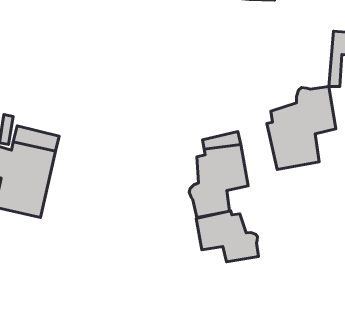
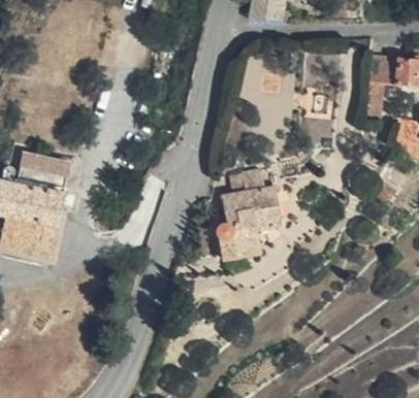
building: [267,86,336,169] -> none
building: [196,211,258,262] -> none

